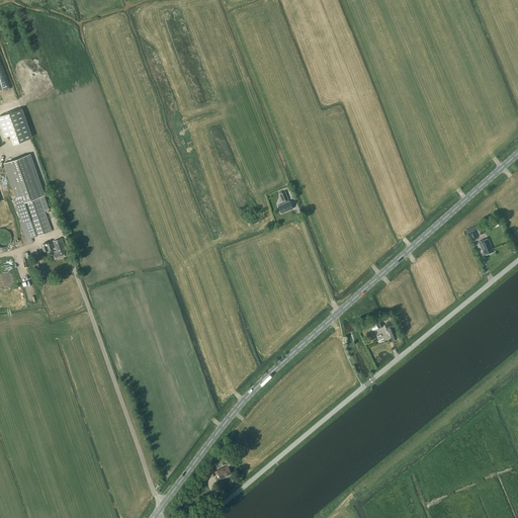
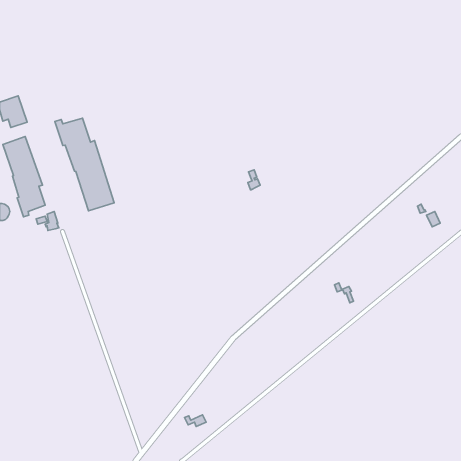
building: none -> [55,118,114,211]

